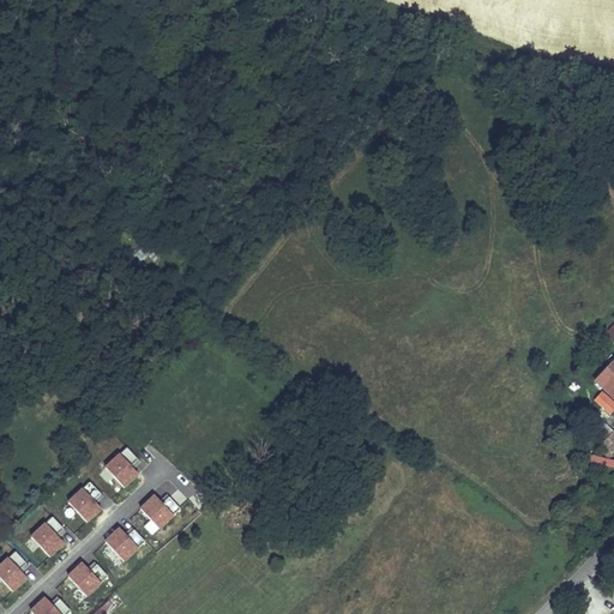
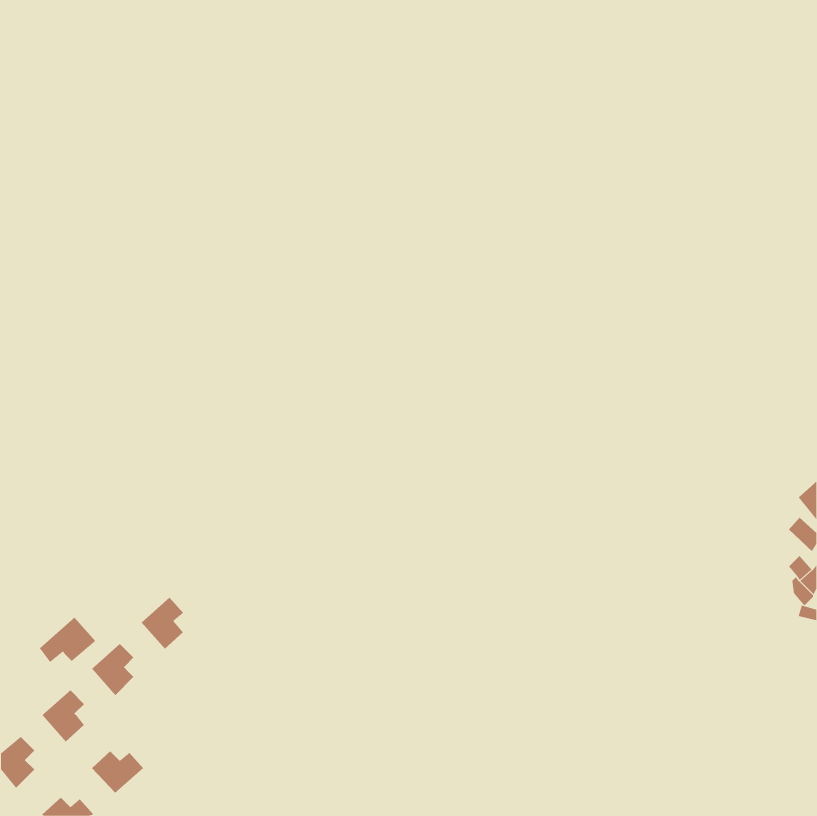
building: none -> [39,617,96,663]
building: [140,494,180,528] -> none
building: [106,528,145,560] -> none

